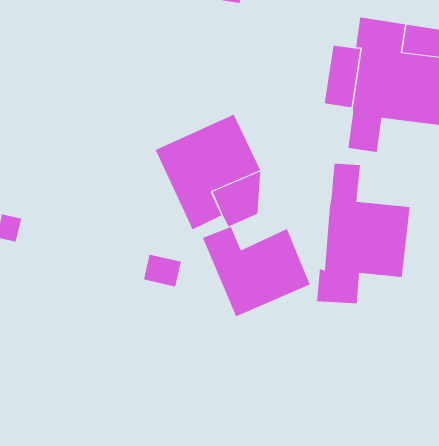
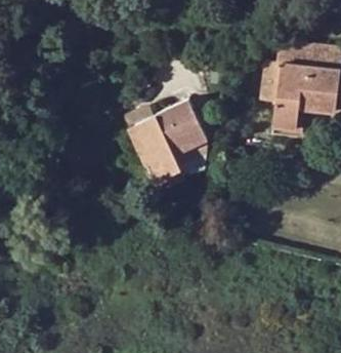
building: [317,163,410,304] -> none
building: [202,226,311,317] -> none

